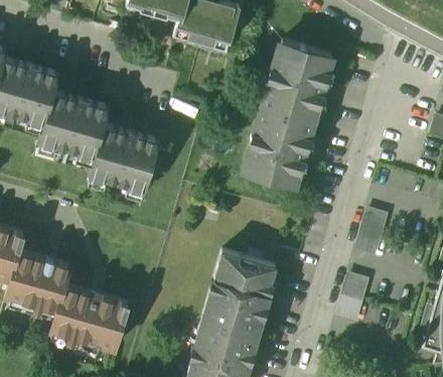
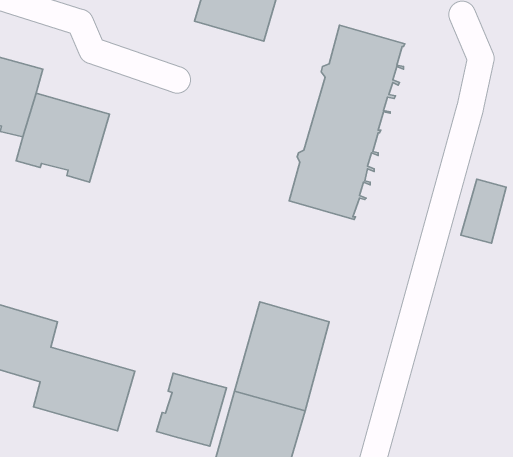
building: [89,126,160,193] -> none
building: [356,207,391,255] -> [461,179,506,243]
building: [337,272,373,321] -> none
building: none -> [157,373,226,446]

